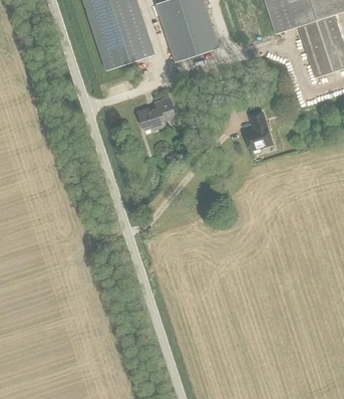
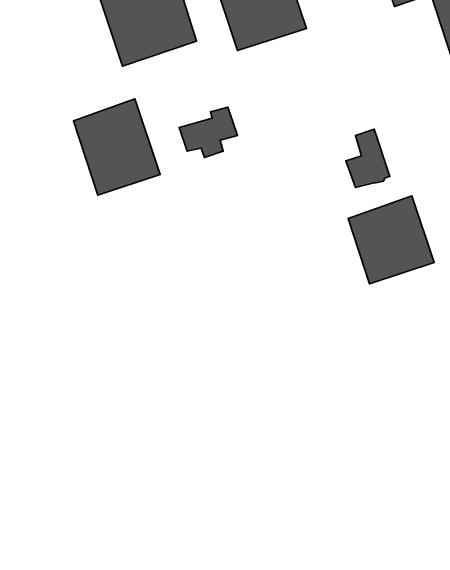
building: none -> [74,99,160,195]
building: none -> [348,196,434,284]

